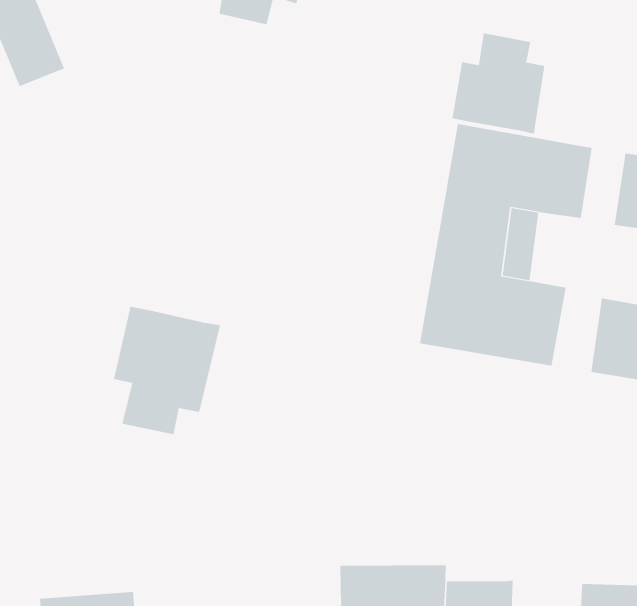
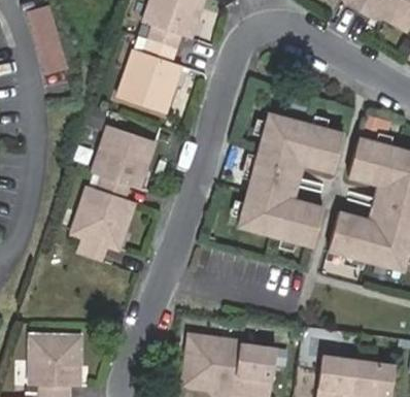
building: none -> [121,41,183,117]
building: [452,32,545,135] -> none
building: none -> [99,128,159,201]

